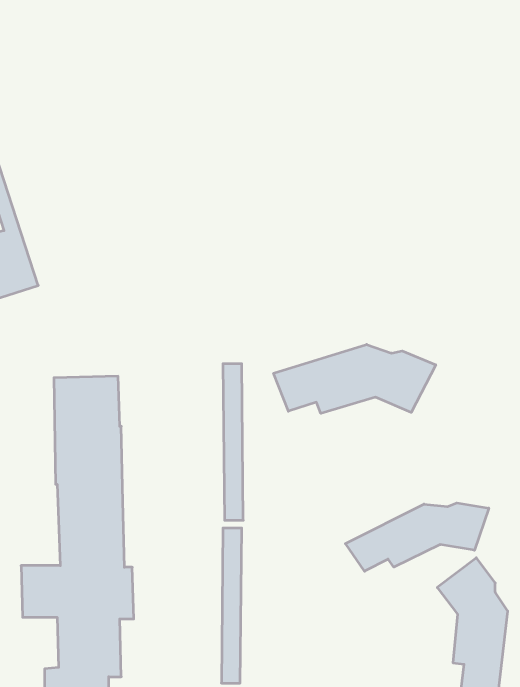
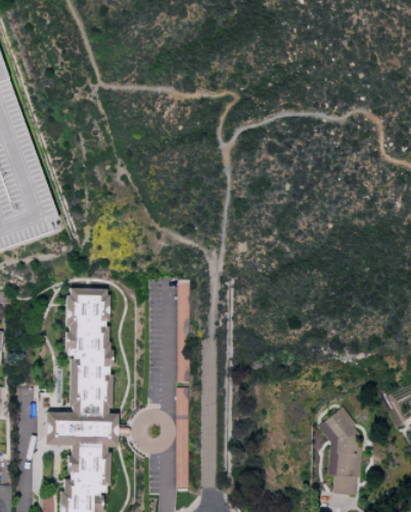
building: [274,344,436,413] -> none
building: [345,503,489,571] -> none

